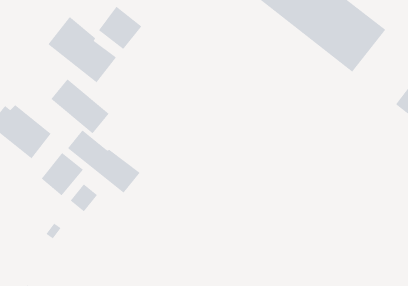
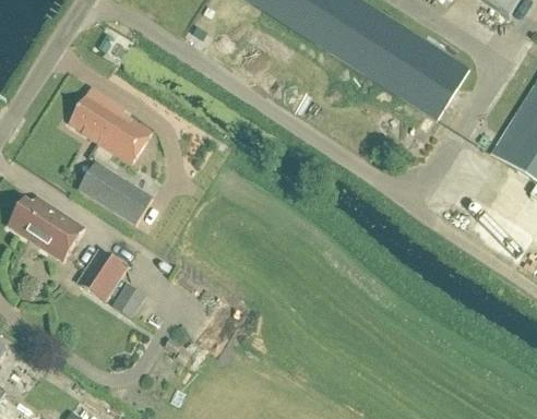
building: [98,6,142,50] -> none
building: [67,130,140,194] -> none

